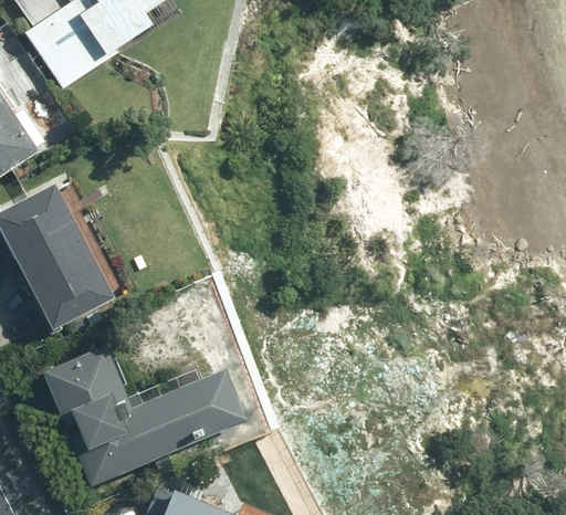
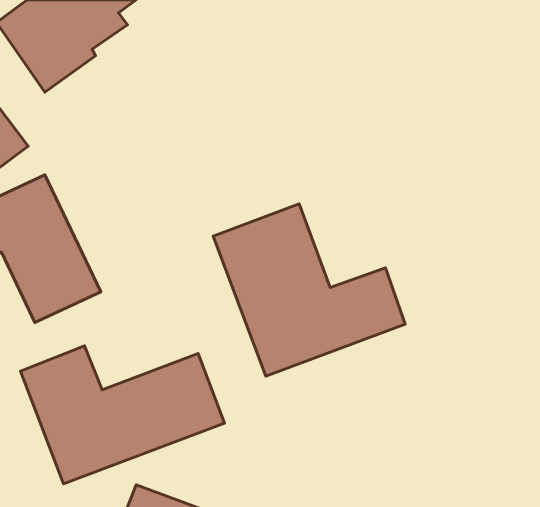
building: none -> [213,204,405,376]

